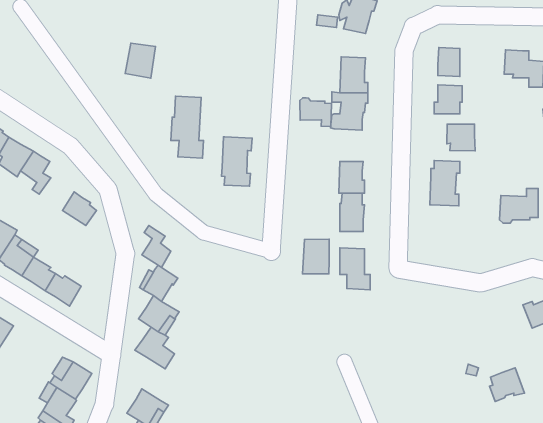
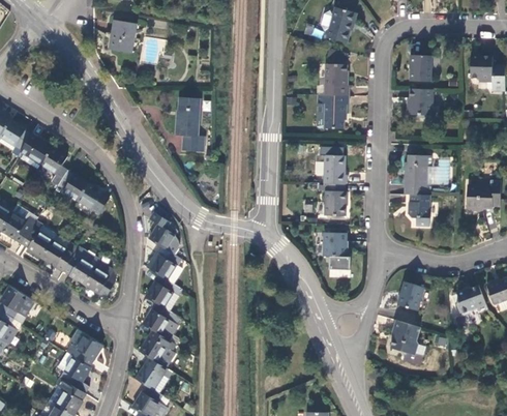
building: [125,43,155,78] -> [109,22,136,53]
building: [300,98,331,127] -> none
building: [447,124,475,151] -> none
building: [221,137,252,186] -> none
building: none -> [57,171,88,200]
building: none -> [405,195,429,226]
building: [303,239,329,274] -> none
building: none -> [84,262,116,298]
building: none -> [396,281,422,310]
building: none -> [390,321,420,356]
building: none -> [139,330,175,368]
building: [489,368,524,401] -> [456,286,487,316]

